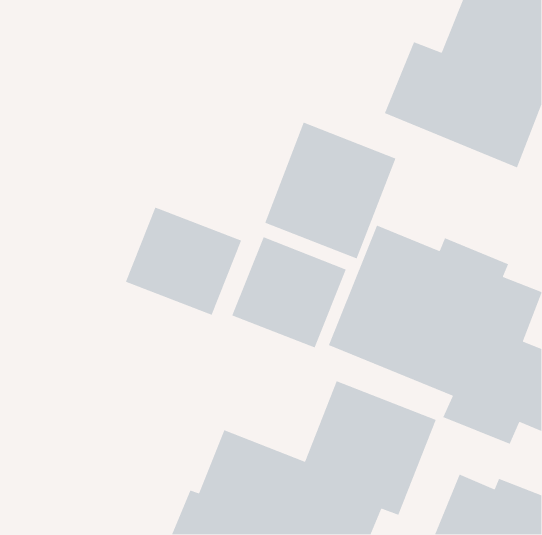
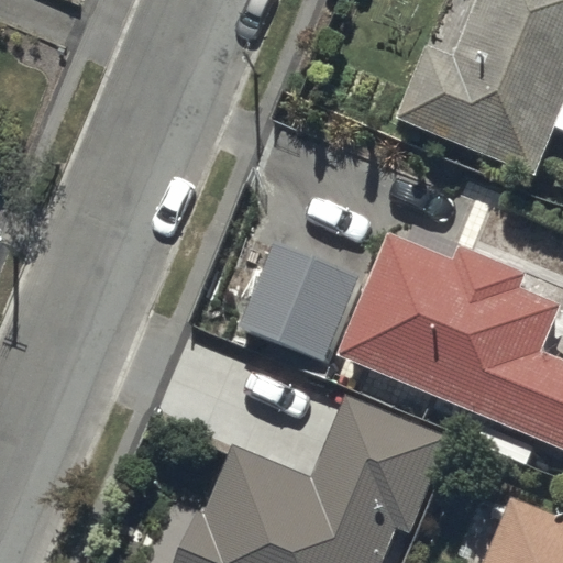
building: [264,122,396,260] -> none
building: [125,207,242,316] -> none

